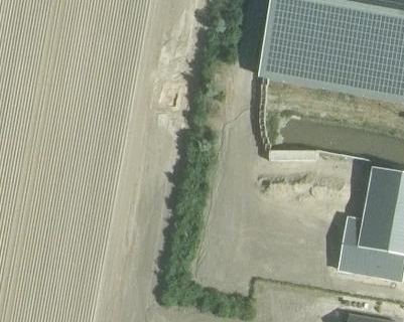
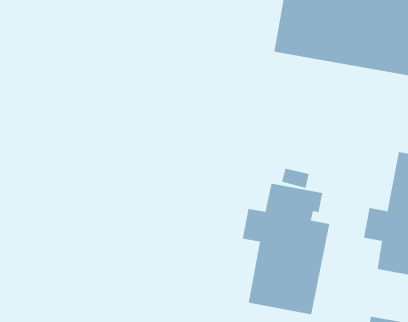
building: none -> [242,183,330,315]

